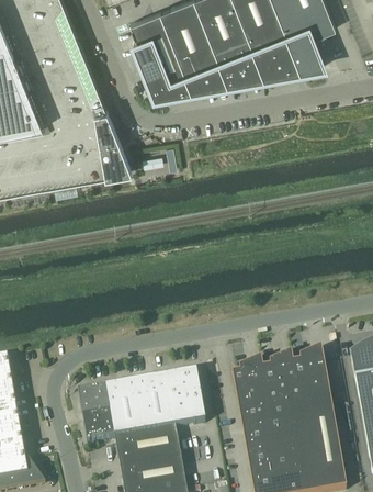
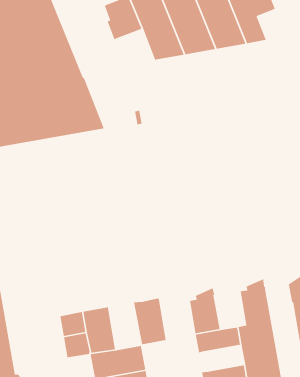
building: [143,53,191,97] -> none
building: [262,355,299,411] -> none
building: [136,378,176,435] -> none
building: [244,429,298,461] -> none

